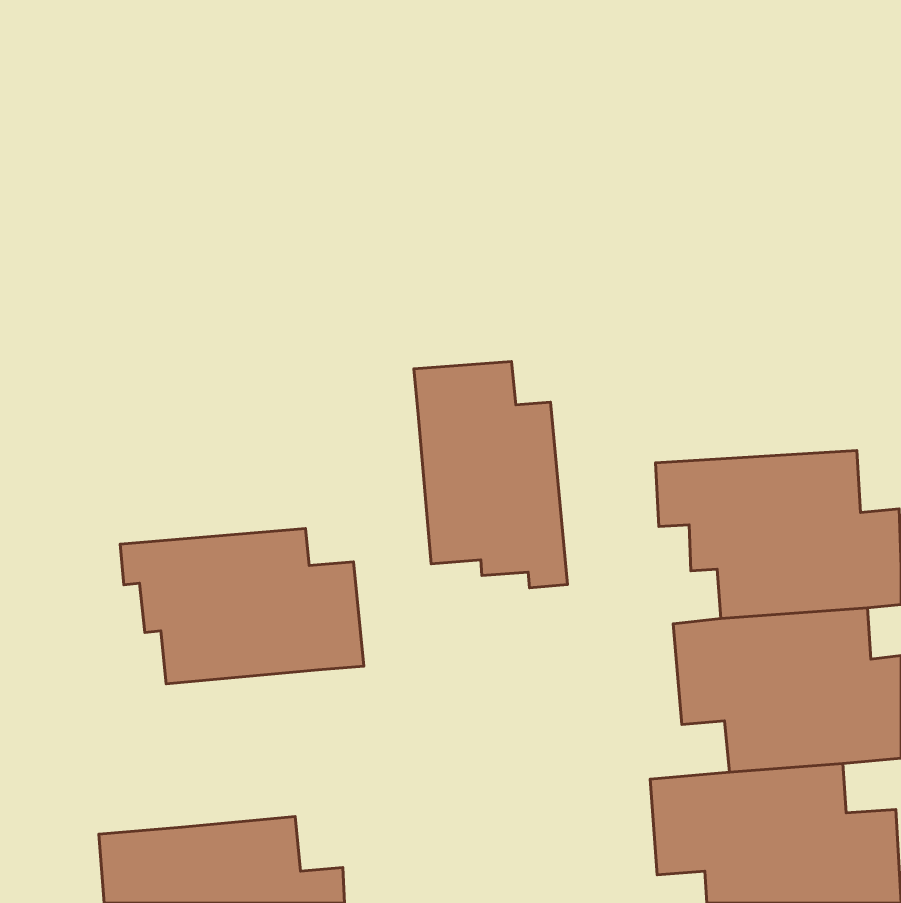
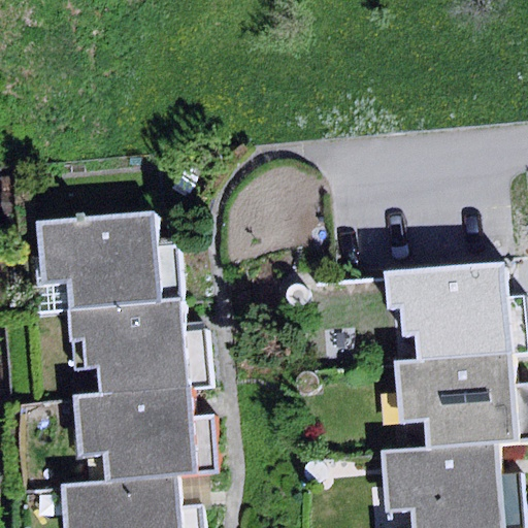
building: [414,362,567,588] -> none
building: none -> [37,214,178,318]
building: none -> [73,391,217,483]

